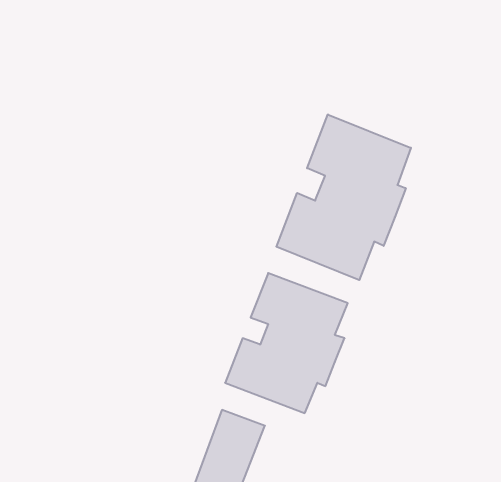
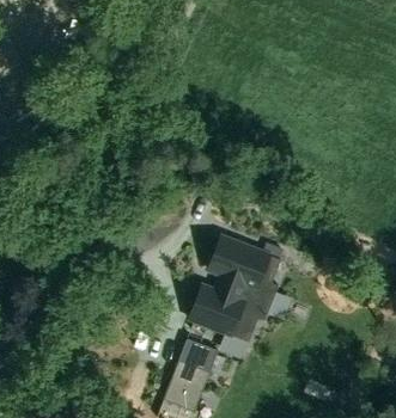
building: [276,114,411,280] -> none

